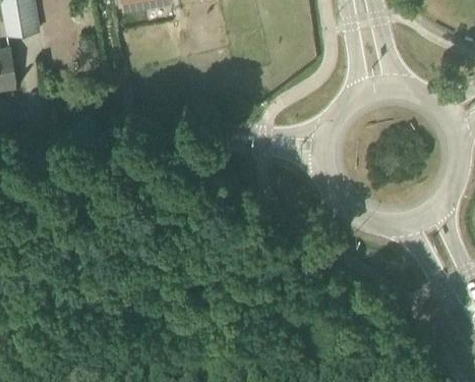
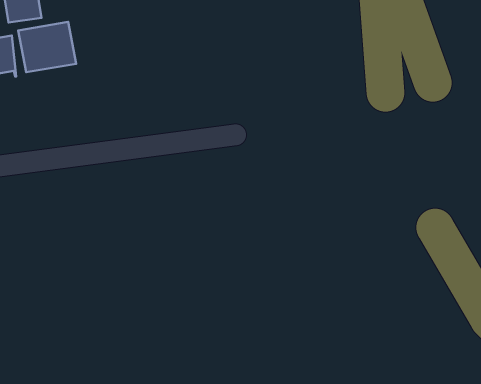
building: none -> [18,22,76,72]

